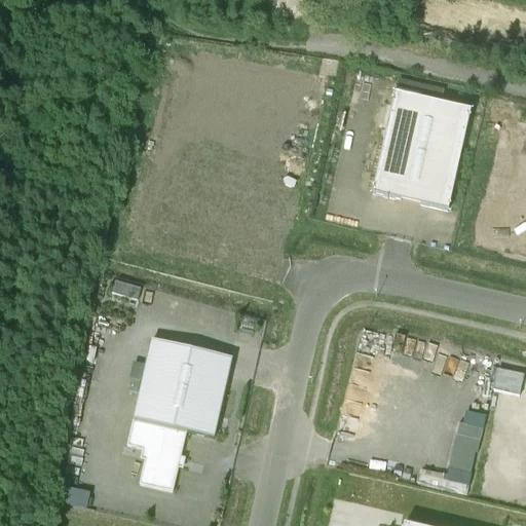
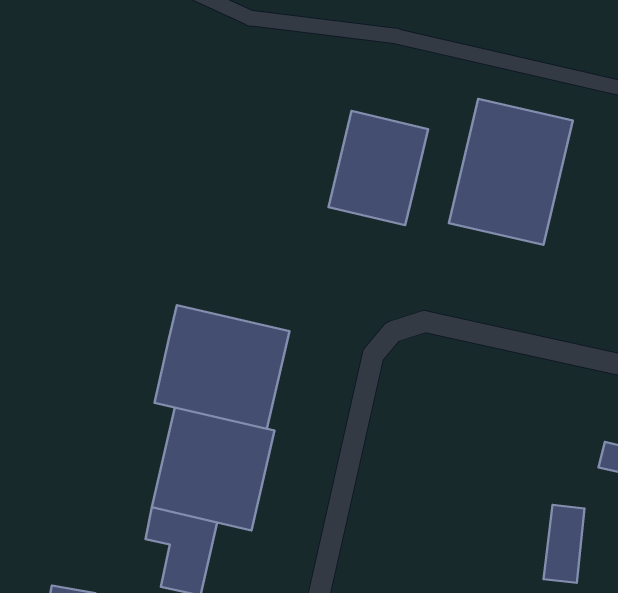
building: none -> [329,111,428,225]
building: none -> [154,305,289,429]

